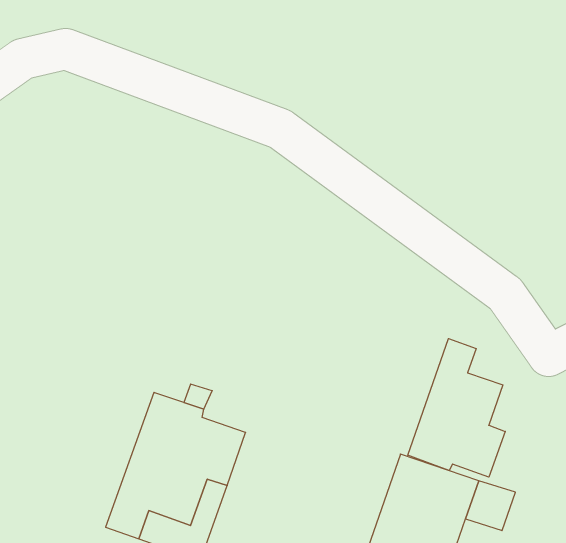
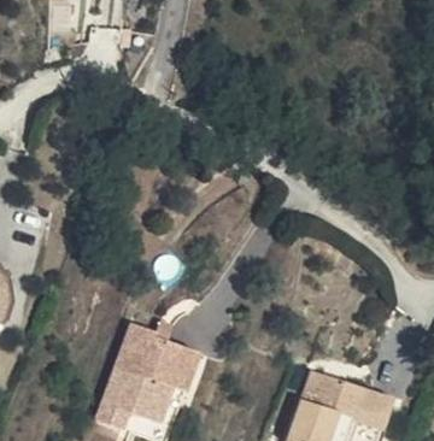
building: [408,339,505,477] -> none

